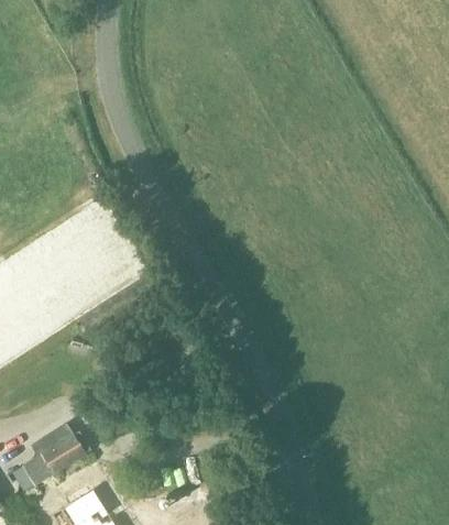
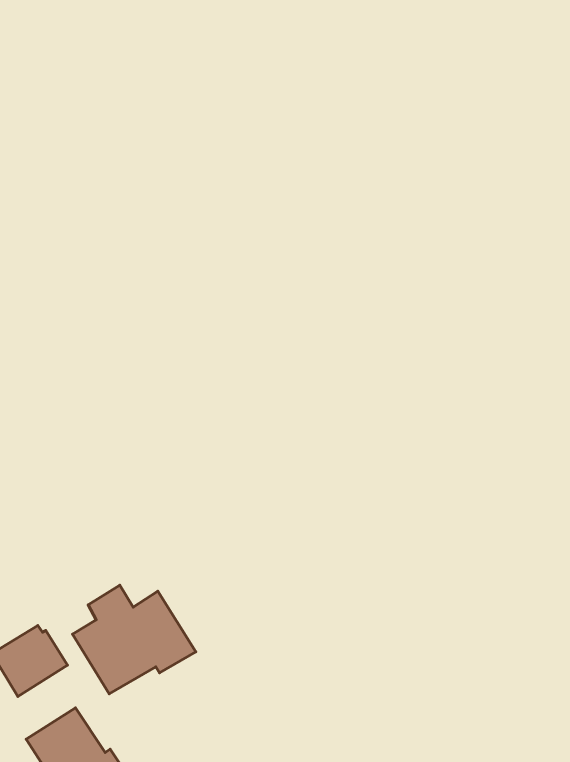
building: none -> [72,585,196,694]

